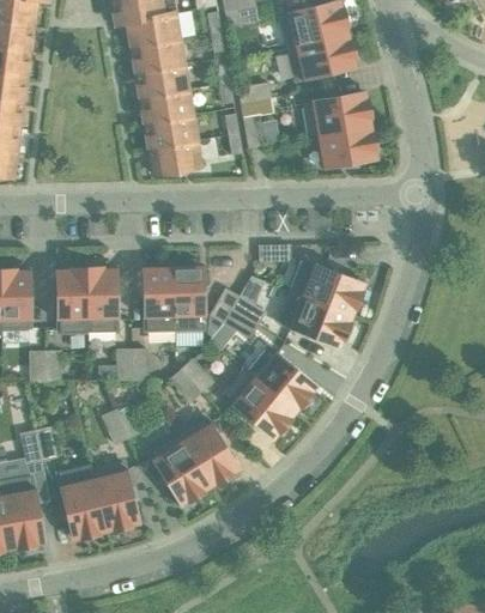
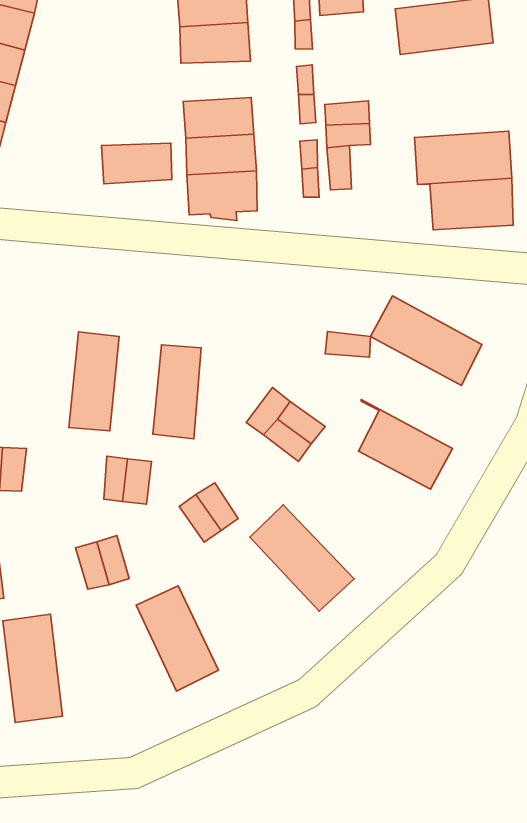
building: [286,32,358,80] -> none
building: [135,65,187,98] -> [101,143,172,184]
building: [287,260,365,316] -> [370,296,482,385]
building: [57,266,87,333] -> none
building: [172,266,202,330] -> none
building: [242,347,317,414] -> none
building: [176,415,238,488] -> none
building: [90,462,138,533] -> none

